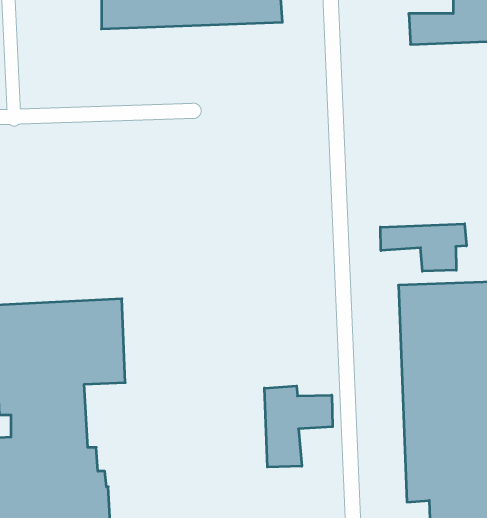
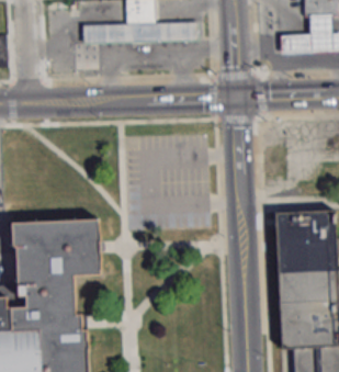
building: [380,224,466,271] -> none
building: [264,386,333,467] -> none

